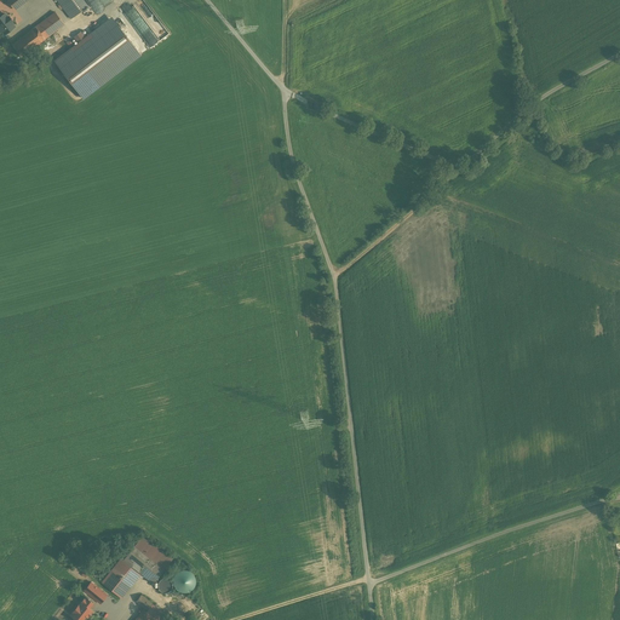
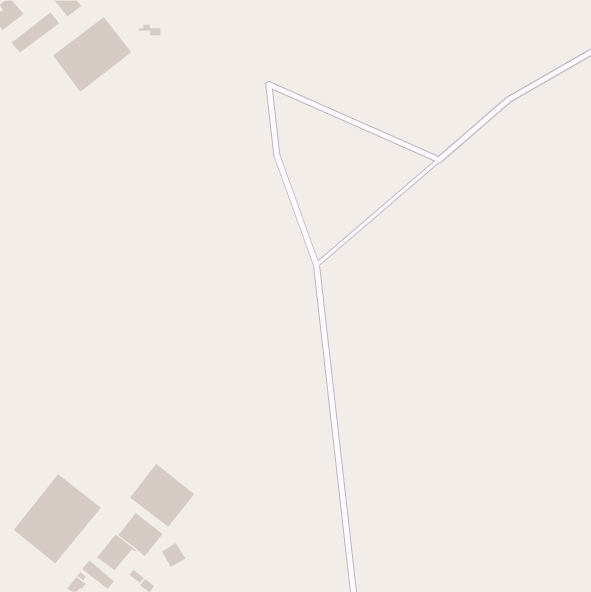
building: none -> [129,463,195,528]
building: none -> [13,473,102,564]

